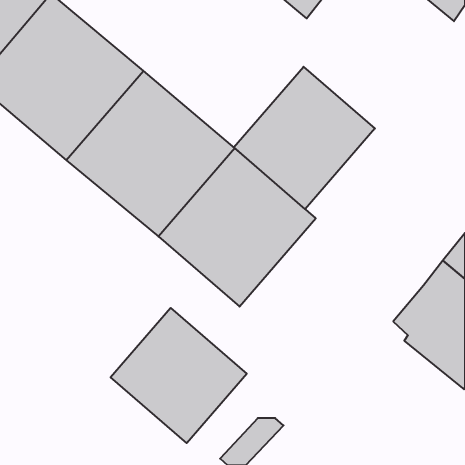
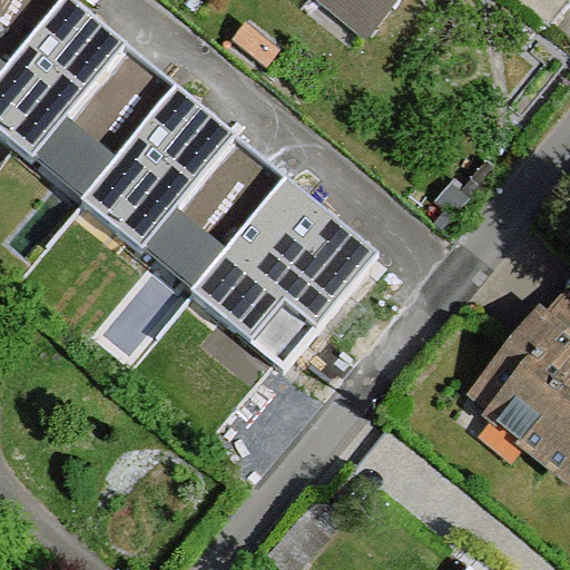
building: [234,67,375,209] -> none
building: [111,308,247,443] -> none

